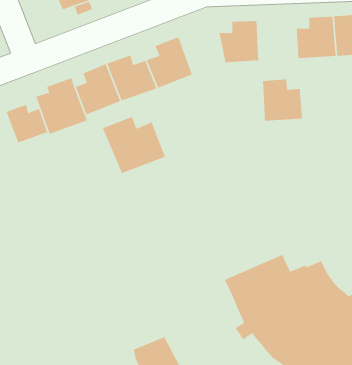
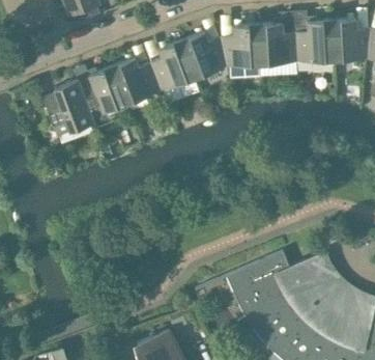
building: none -> [181,32,226,78]
building: [262,79,303,121] -> [257,23,296,64]
building: [5,104,48,143] -> none
building: [102,116,166,174] -> none

